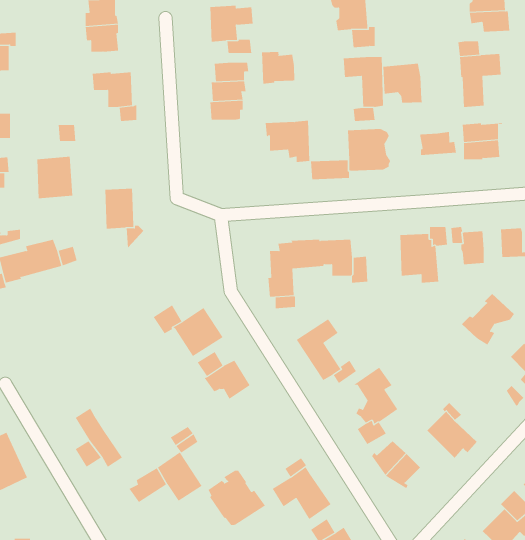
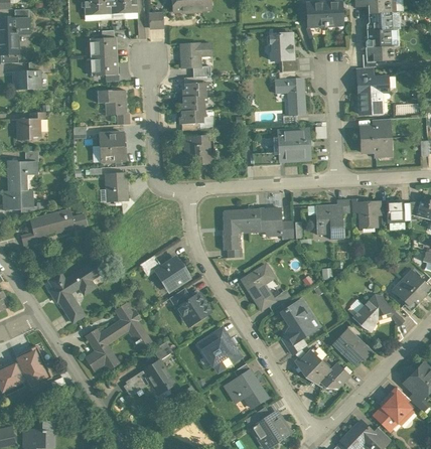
building: [261,51,295,85] -> none
building: [383,63,423,103] -> none
building: [265,120,310,163] -> [181,135,213,165]
building: [420,131,457,156] -> none
building: [36,156,73,199] -> [99,132,125,162]
building: [461,293,515,345] -> [351,295,390,332]
building: none -> [48,260,105,322]
building: none -> [99,302,151,349]
building: none -> [319,364,348,389]
building: [208,470,266,525] -> [200,331,242,370]

